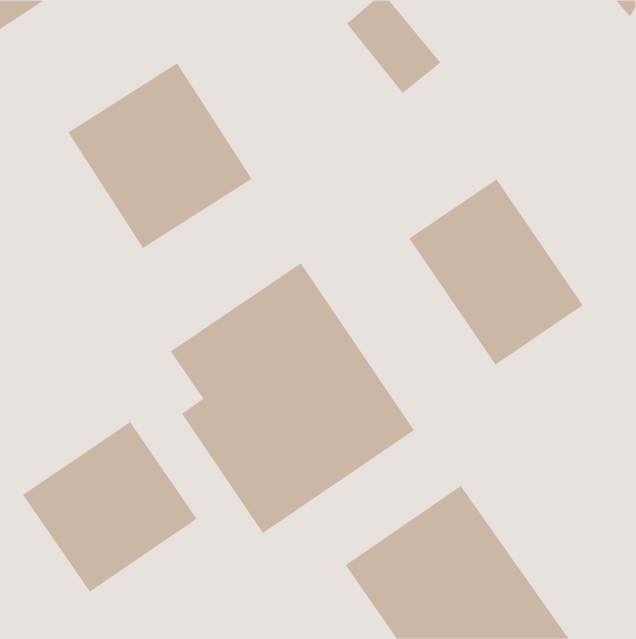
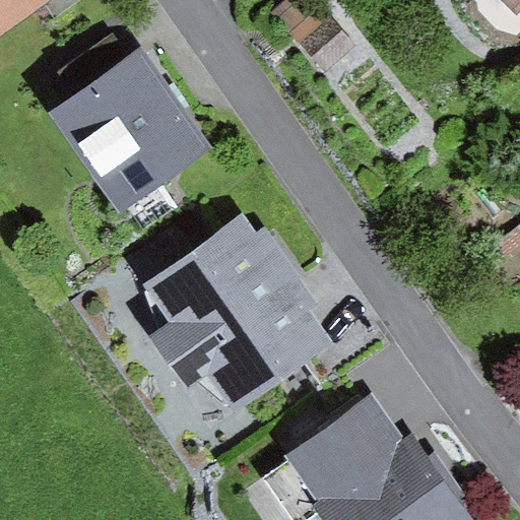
building: [408,178,584,366] -> none
building: [22,421,198,592] -> none

